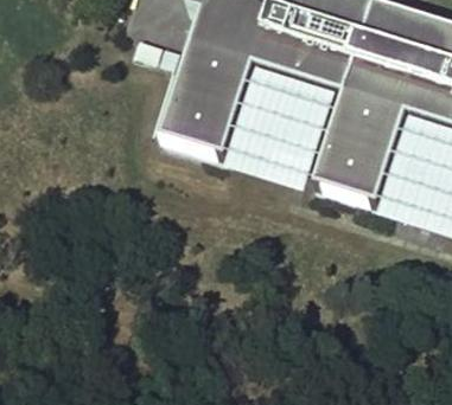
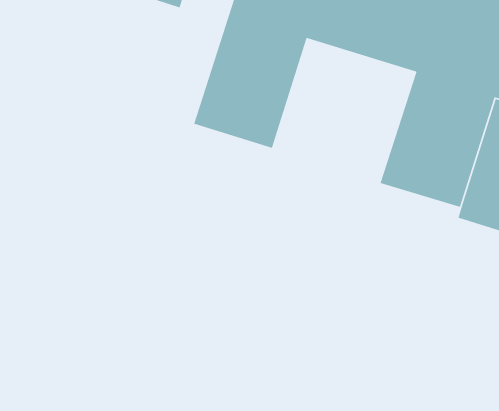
building: [223,65,343,191] -> none

